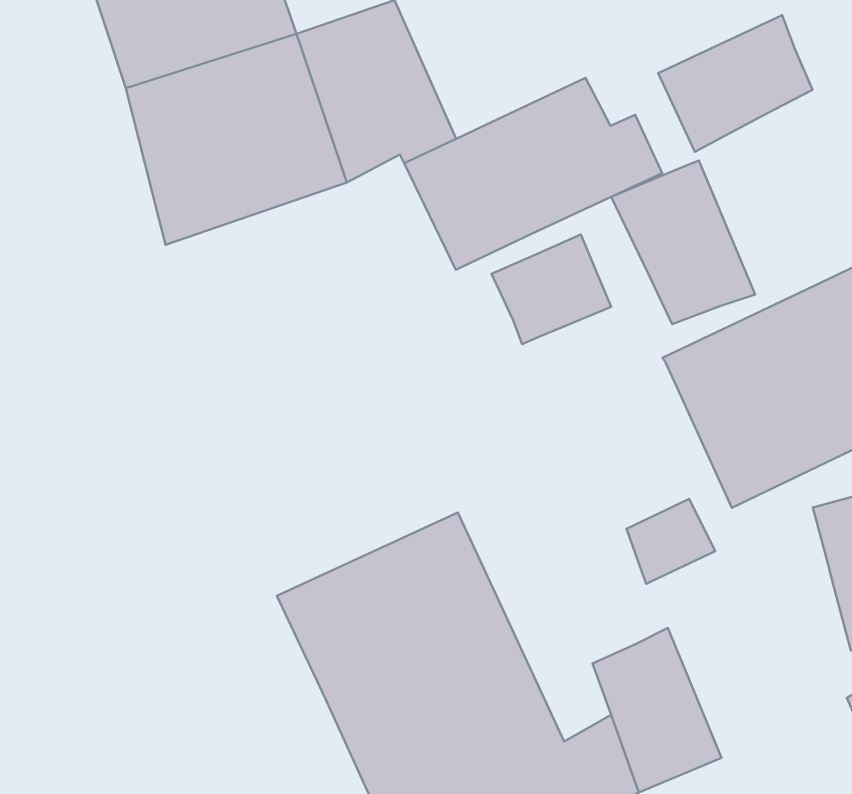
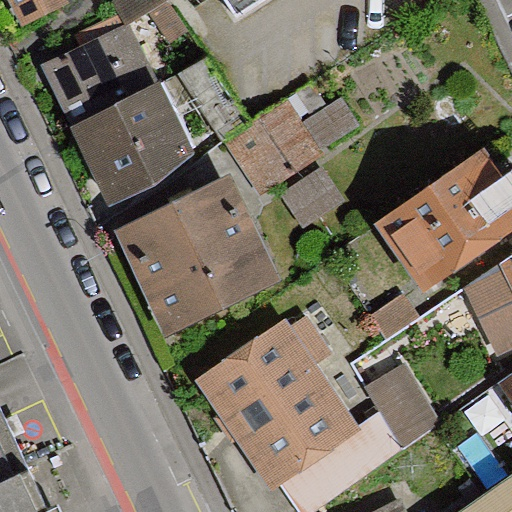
building: [658,15,812,152] -> none
building: [611,160,755,324] -> none
building: none -> [112,173,278,333]

